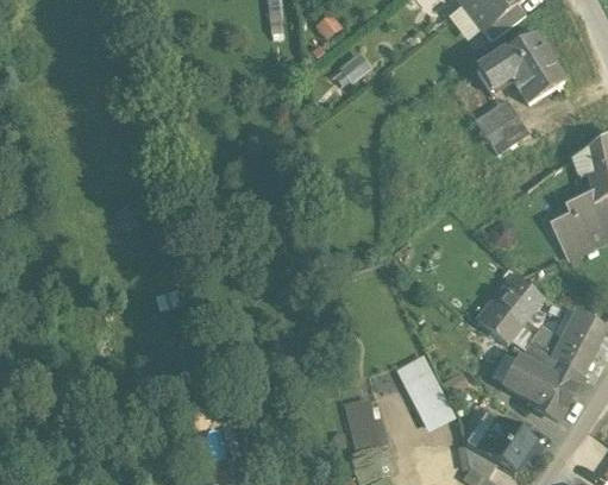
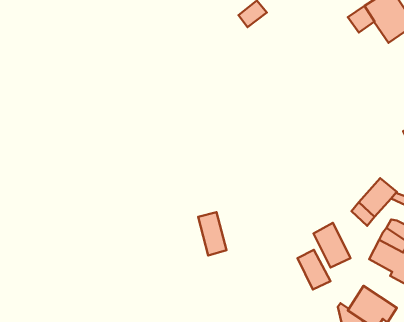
building: [474,99,526,151] -> none
building: none -> [314,223,351,267]
building: [345,396,382,452] -> [198,212,227,256]

